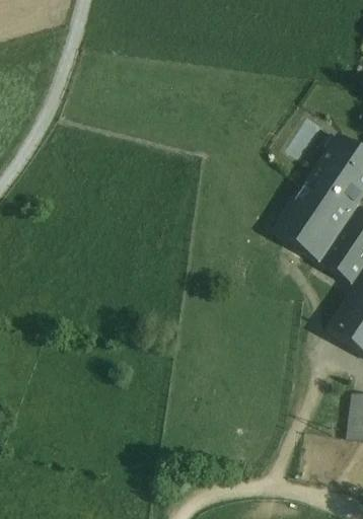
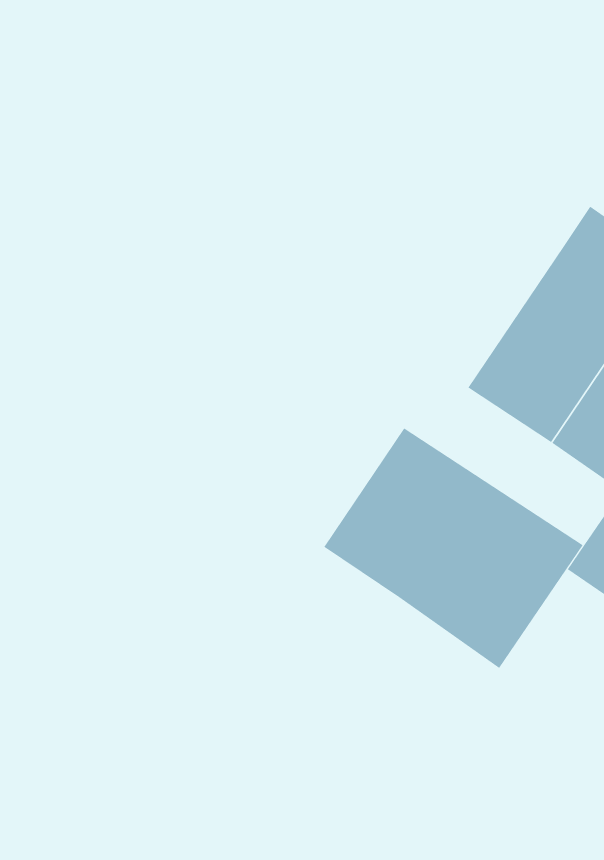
building: none -> [324,427,583,669]

